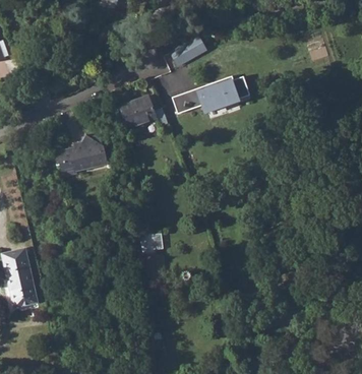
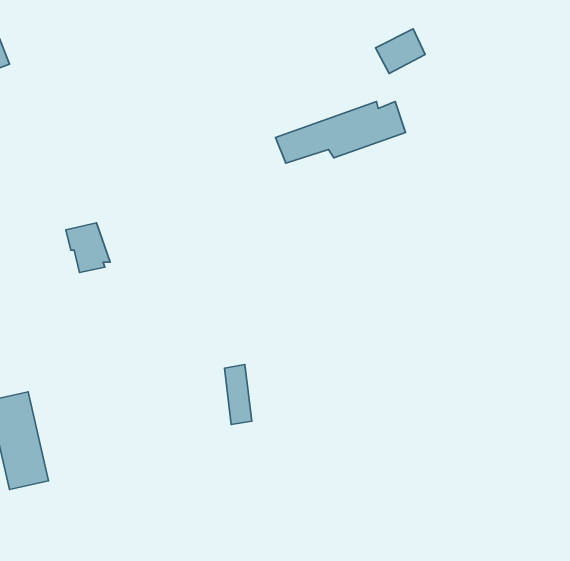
building: [179,36,208,62] -> [376,29,425,73]
building: [117,99,150,131] -> none
building: [66,137,102,172] -> none

